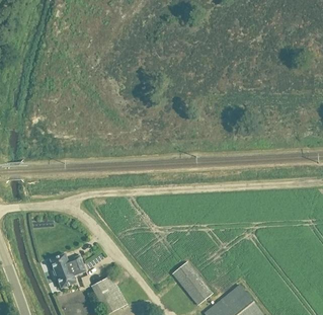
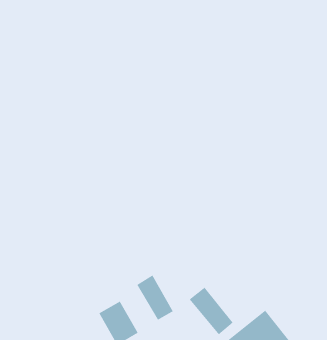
building: none -> [136,275,174,321]
building: [49,253,85,289] -> none

